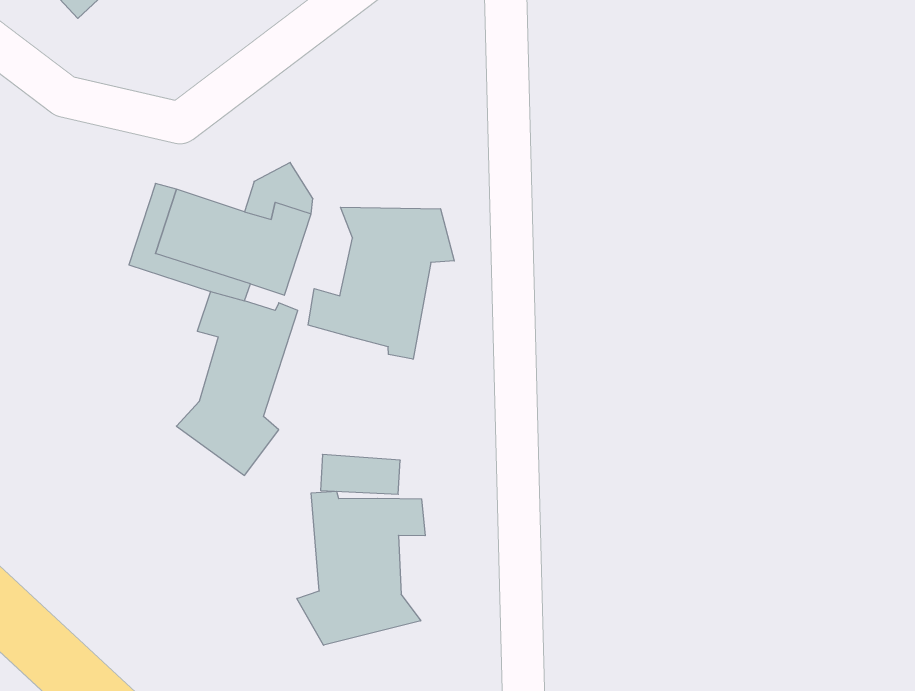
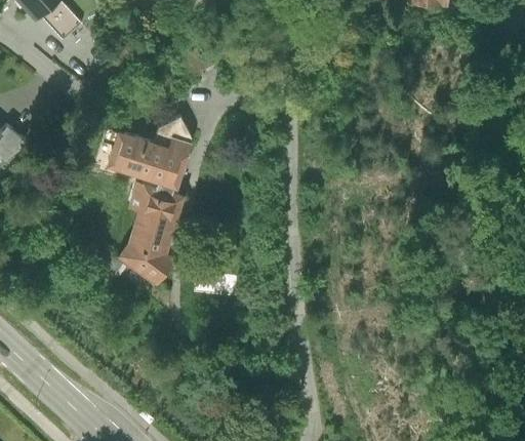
building: [308,207,454,359] -> none
building: [297,491,425,645] -> none

